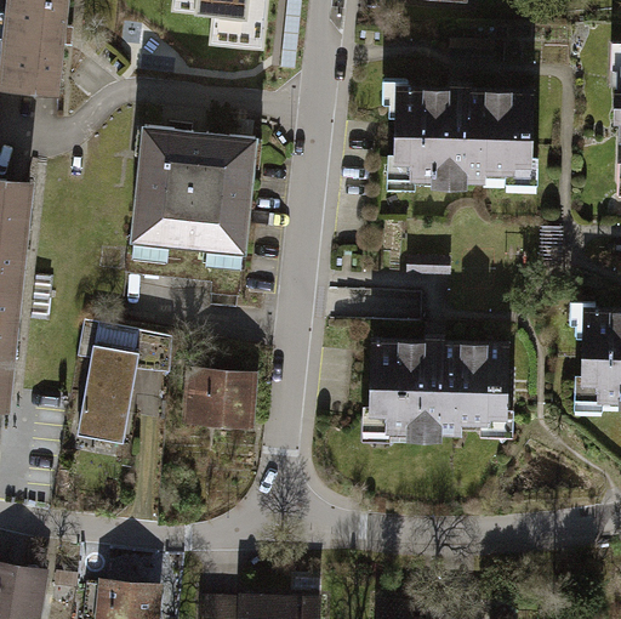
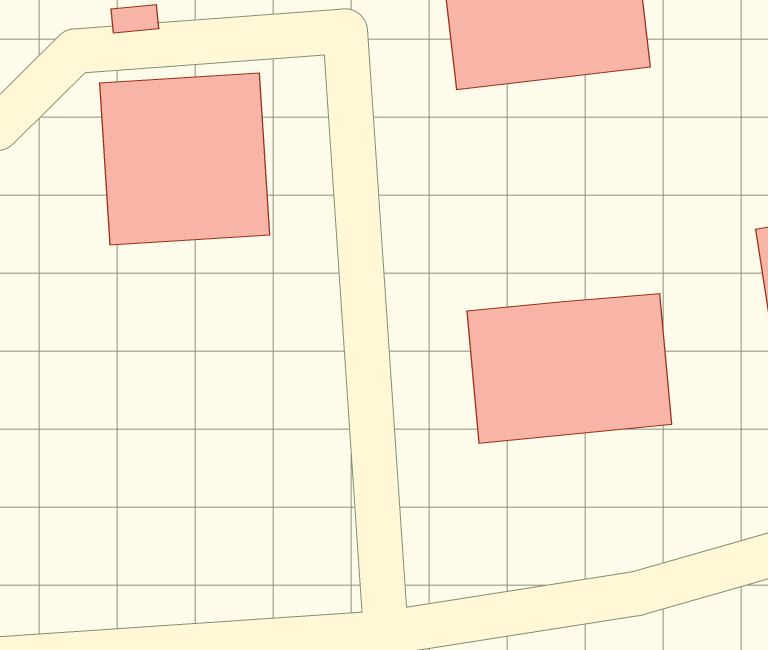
building: [80,331,181,455] -> none
building: [184,373,260,438] -> none

